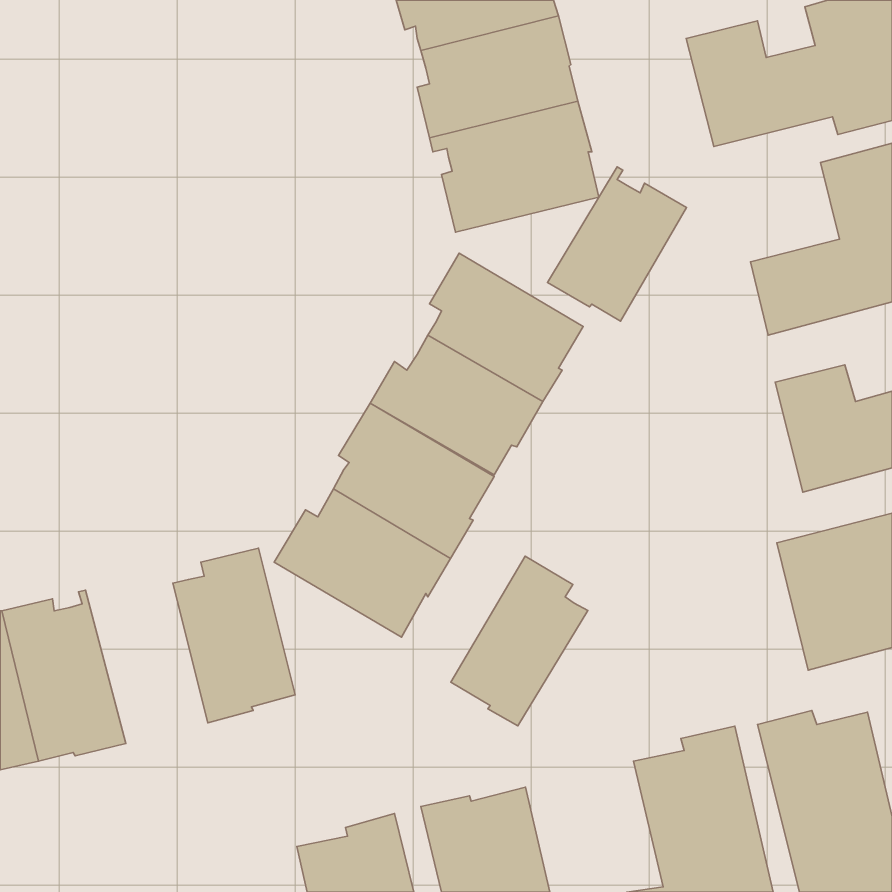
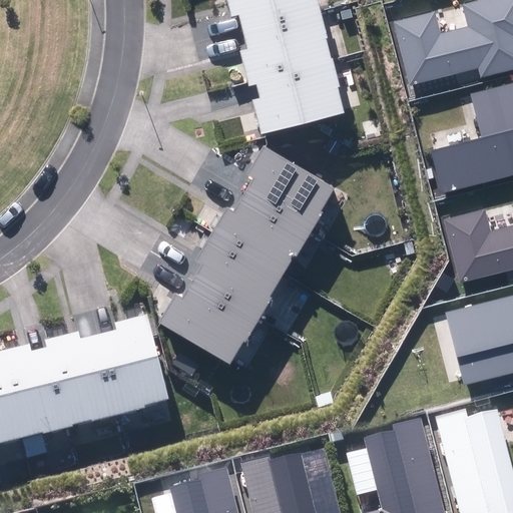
building: [547,167,686,321] -> none
building: [451,556,588,726] -> none
building: none -> [49,331,119,427]

